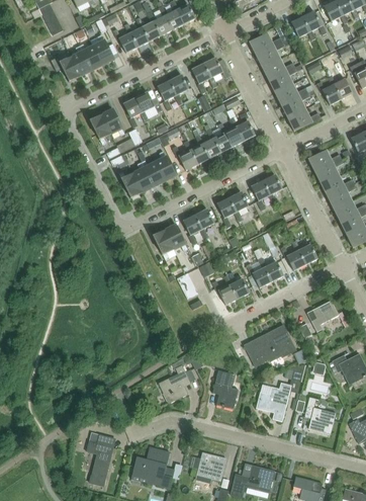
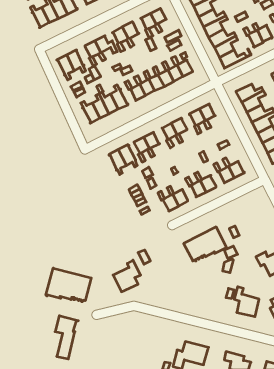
building: [311,300,339,331] -> none
building: [212,369,239,409] -> none
building: none -> [46,268,91,302]
building: [257,382,291,421] -> none
building: [131,447,173,488] -> none
building: [192,452,226,483] -> none

